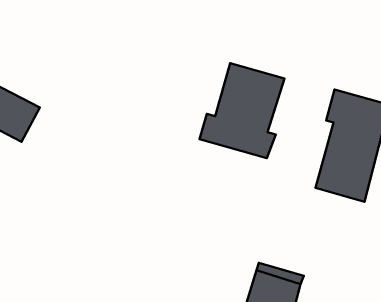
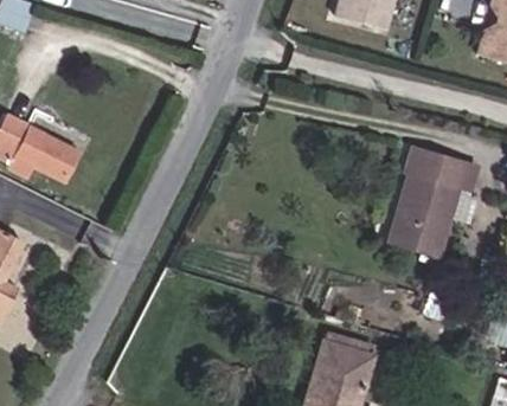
building: [200,63,285,158] -> none

